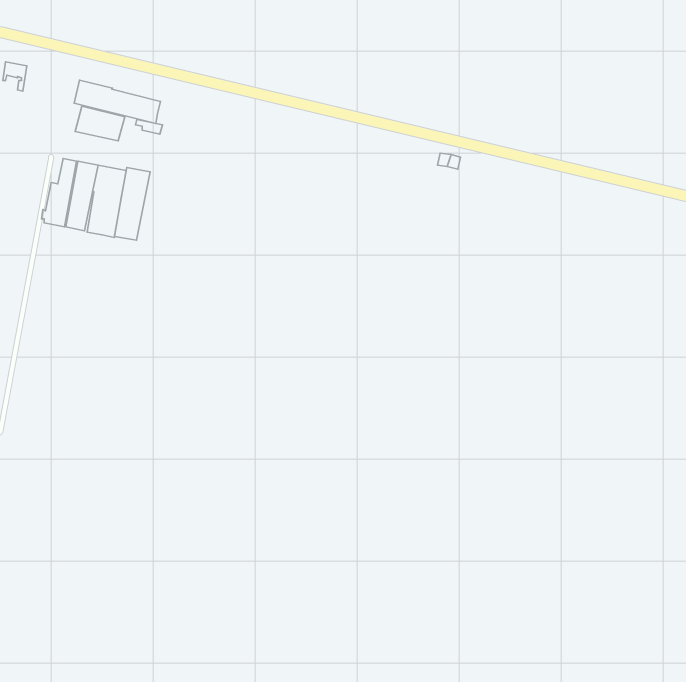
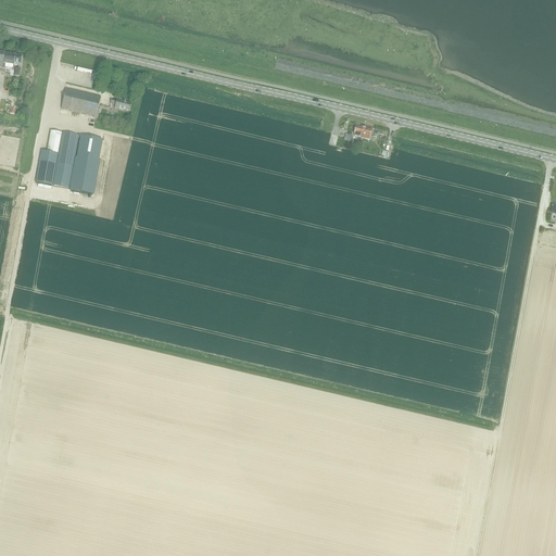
building: [74,80,160,123] -> none
building: [115,168,150,240] -> none

